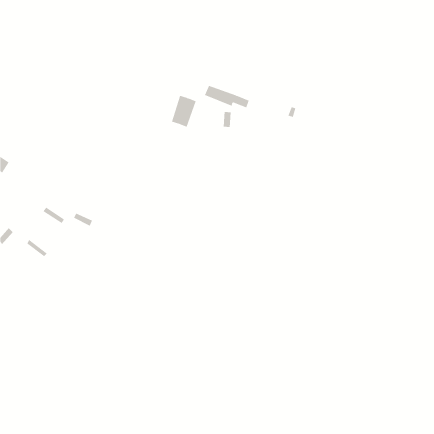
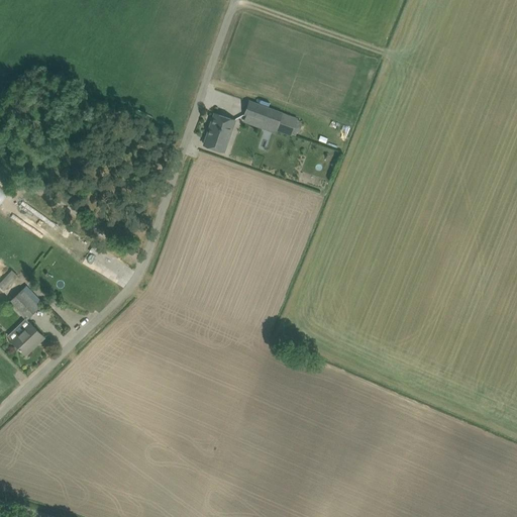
building: none -> [8,290,38,320]
building: none -> [11,324,42,353]

